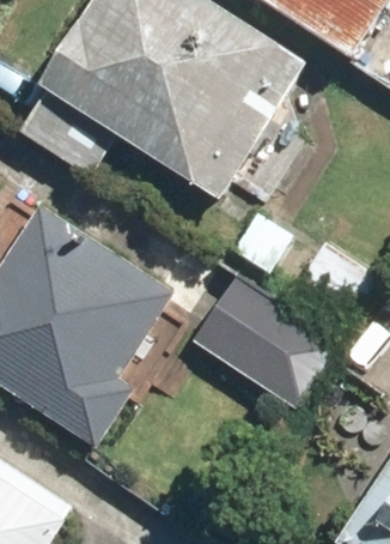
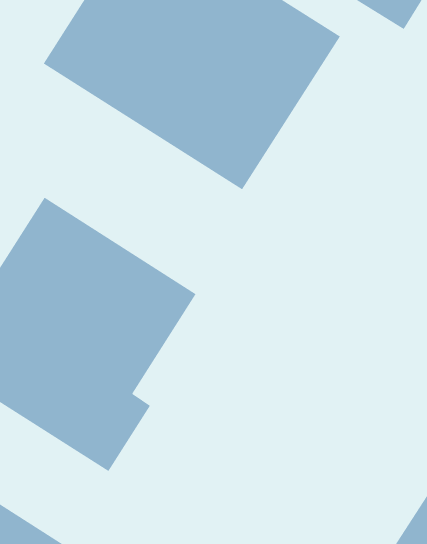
building: [188,272,341,410] -> none

